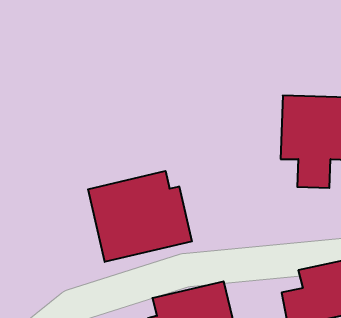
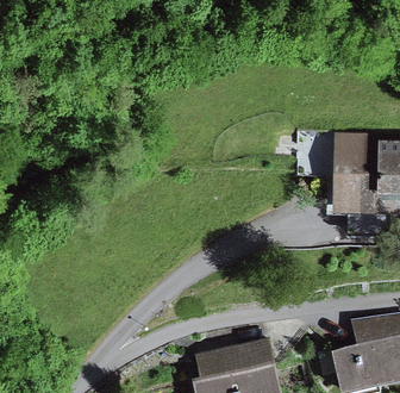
building: [88,171,192,262] -> none

